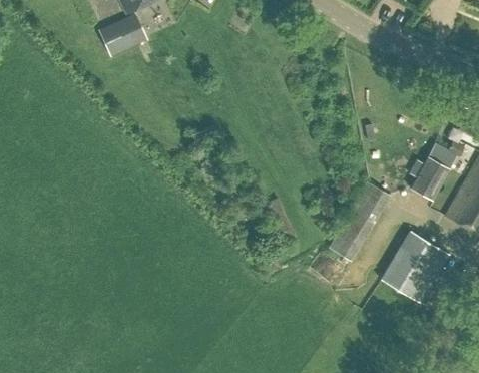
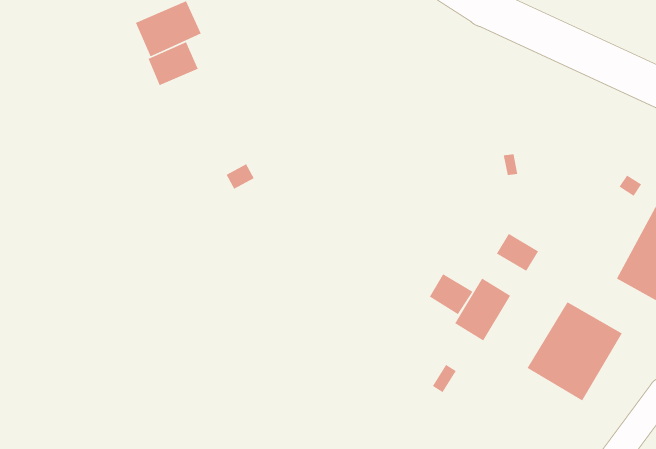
building: none -> [147,41,199,86]
building: [409,155,450,201] -> none
building: [349,197,381,227] -> [429,273,474,315]

